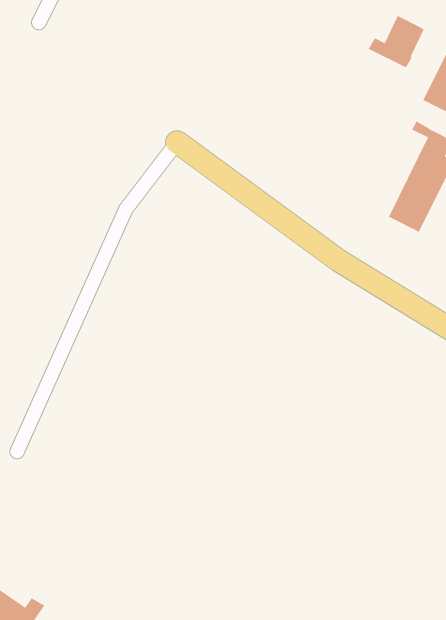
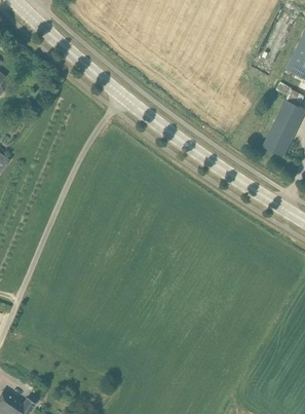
building: [368,15,424,68] -> none

